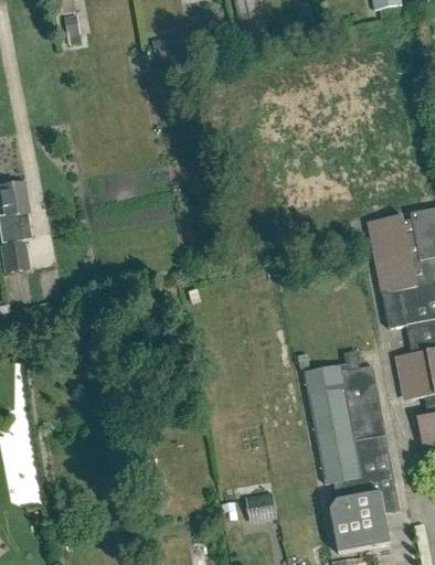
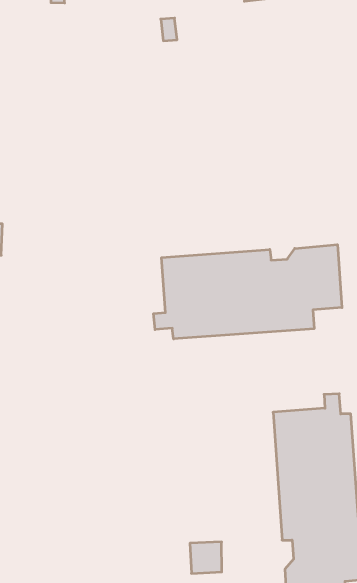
building: none -> [154,245,342,339]

